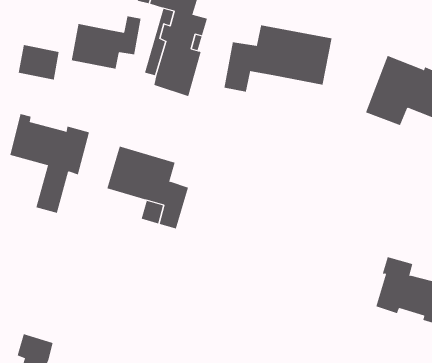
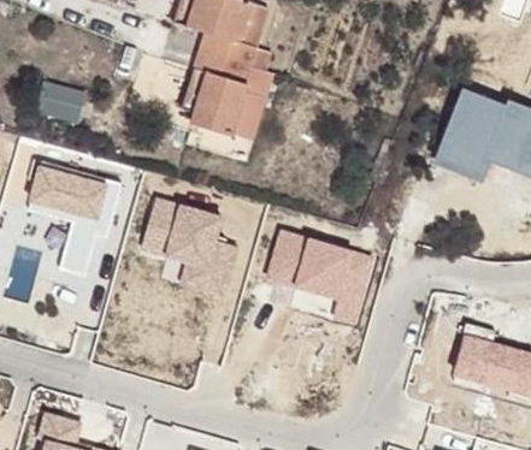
building: [71,16,141,69] -> none
building: [224,25,332,92] -> none
building: none -> [270,229,374,320]

